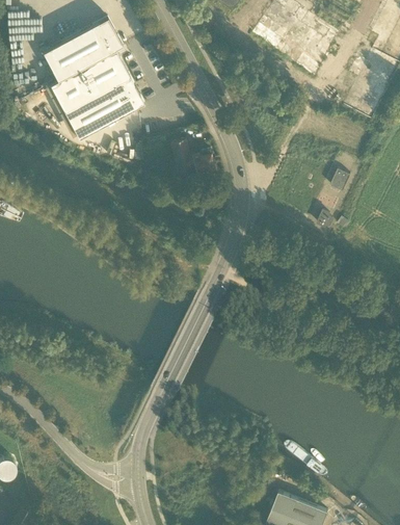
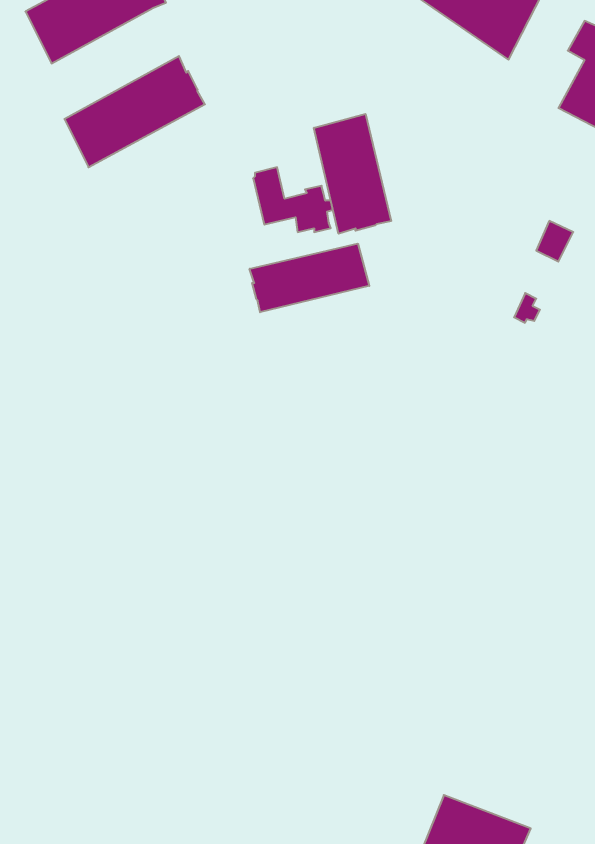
building: [49,50,129,112] -> none
building: none -> [314,114,391,234]
building: none -> [250,244,369,312]

